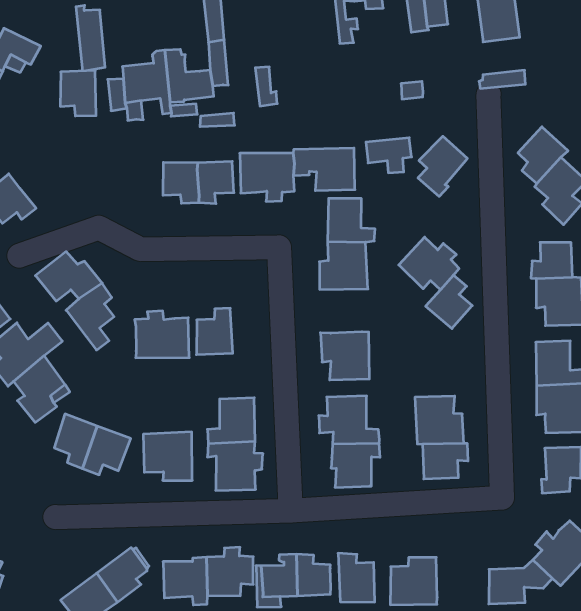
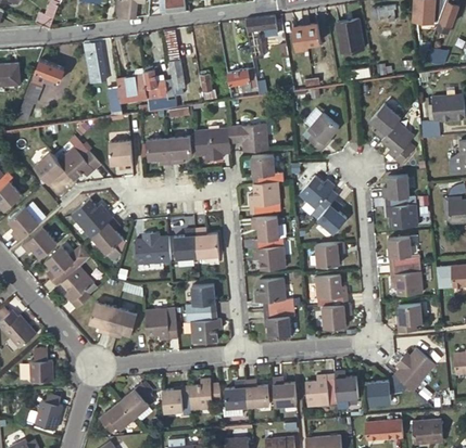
building: [60,71,96,116] -> [109,140,133,169]
building: [366,138,412,173] -> [228,68,257,91]
building: none -> [58,146,99,179]
building: none -> [251,216,278,240]
building: none -> [194,228,219,256]
building: none -> [315,242,344,266]
building: none -> [333,371,357,401]

